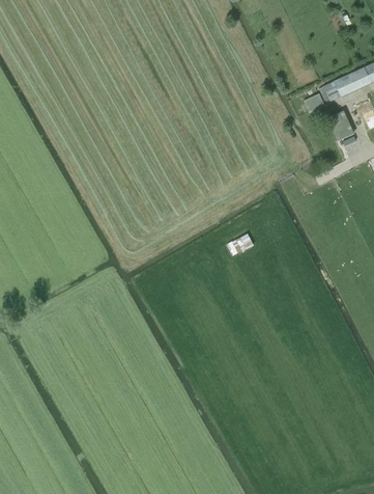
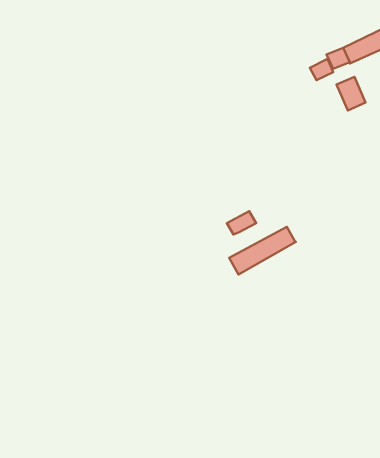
building: none -> [229,227,296,274]

